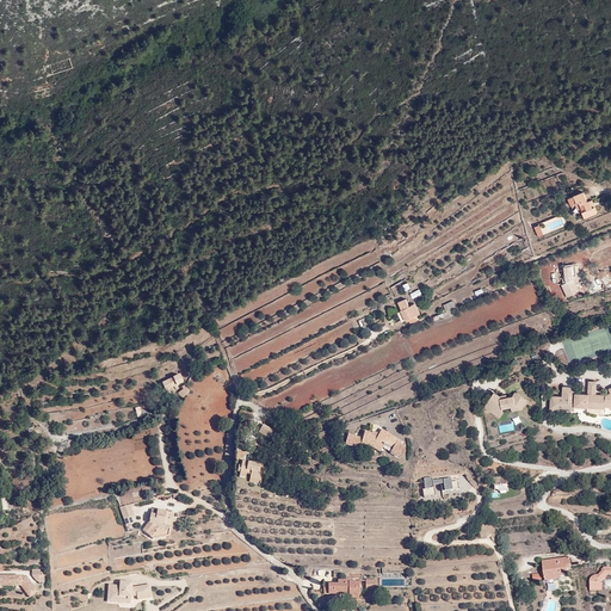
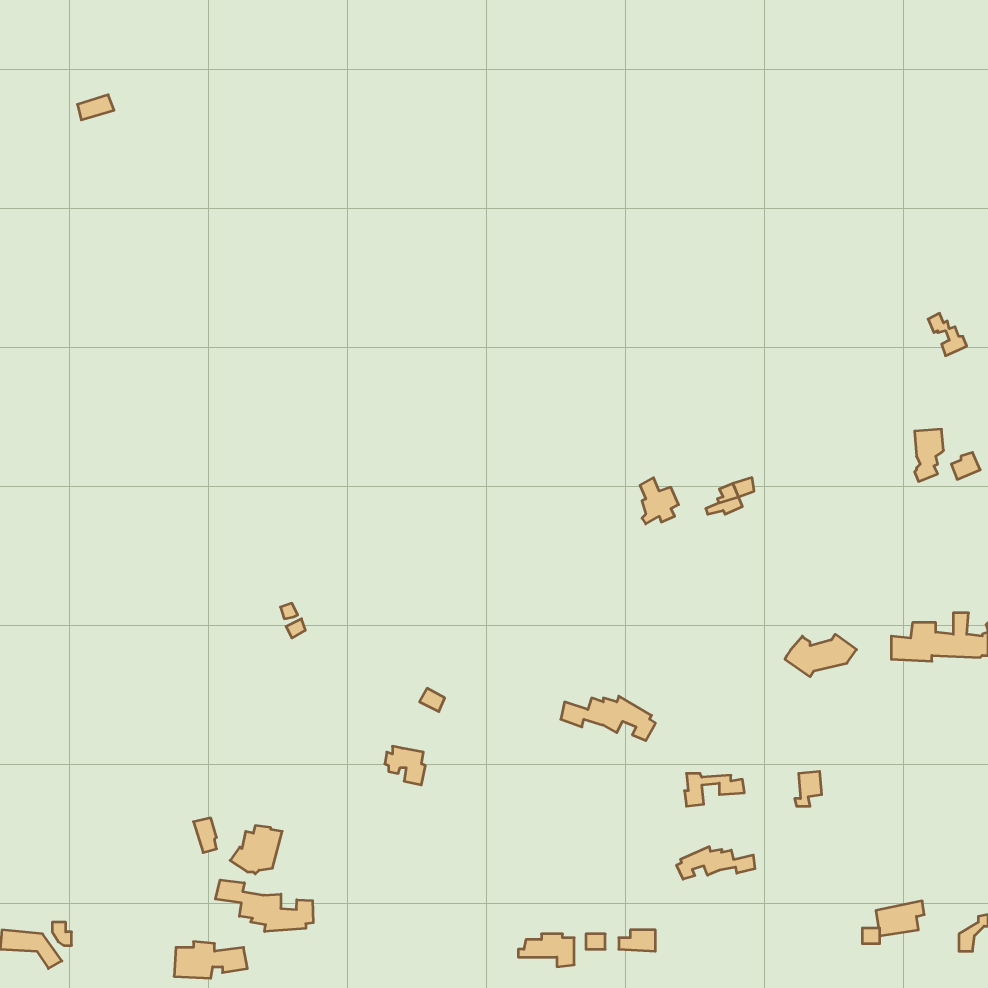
building: none -> [677,847,755,879]
building: none -> [215,880,313,932]

